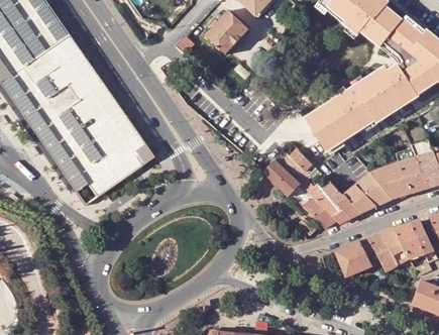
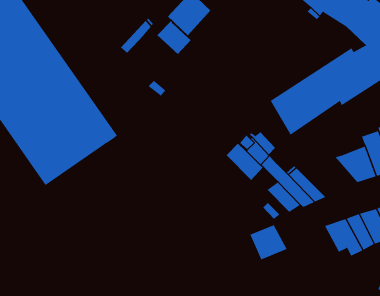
building: none -> [157,20,191,55]
building: [338,174,391,213] -> none
building: [334,241,371,276] -> [249,224,287,260]

